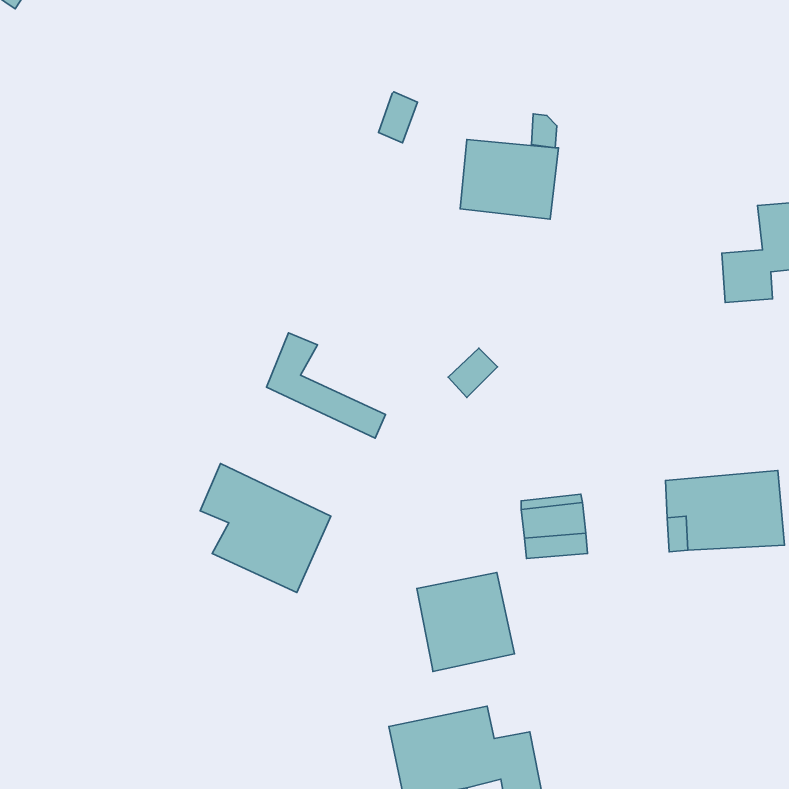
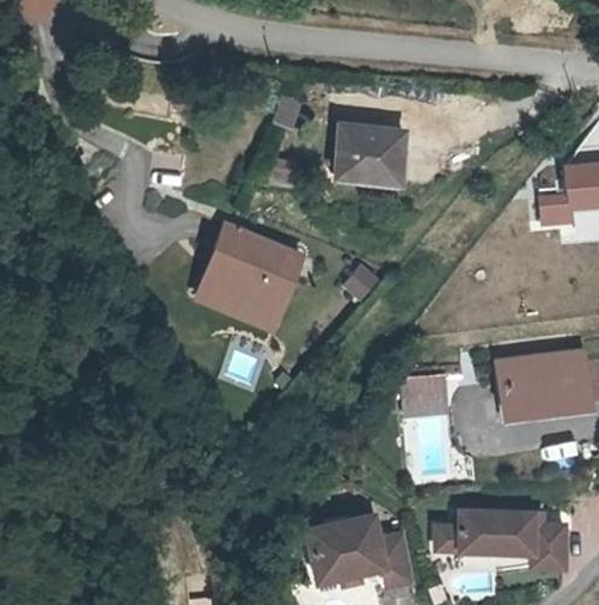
building: [200,463,331,592] -> [230,224,322,314]
building: [417,573,515,672] -> none
building: none -> [432,512,562,567]

